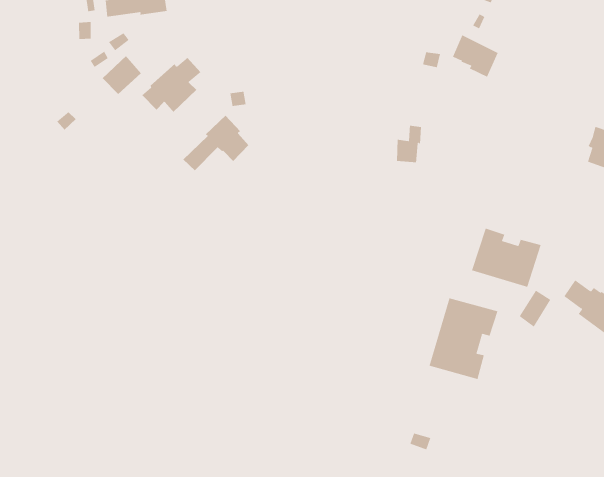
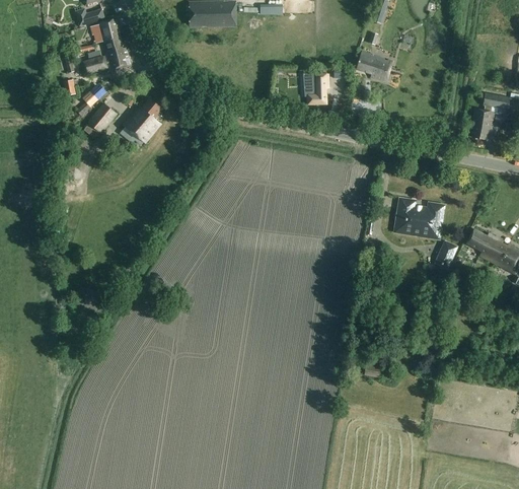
building: [182,115,249,171] -> none
building: [396,125,422,163] -> [306,74,325,103]
building: [429,297,498,380] -> none

